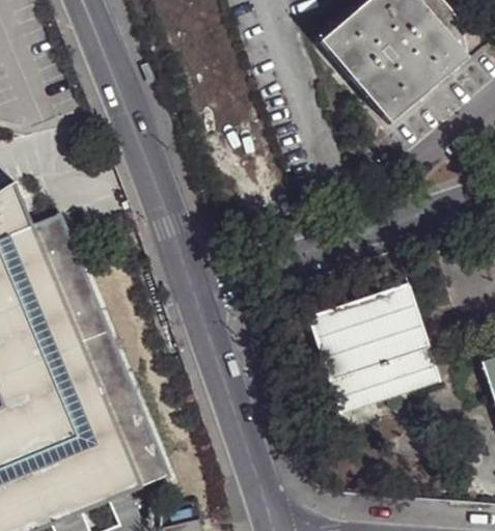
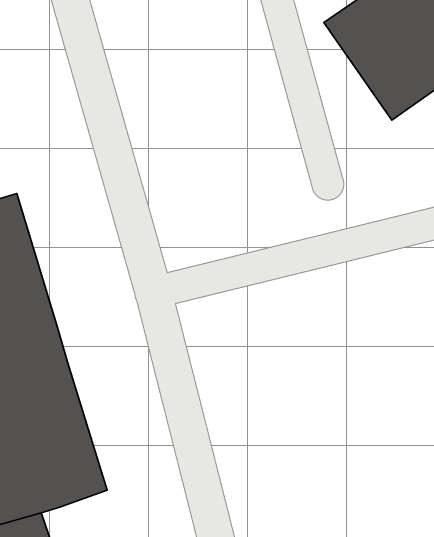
building: [309,286,444,418] -> none

